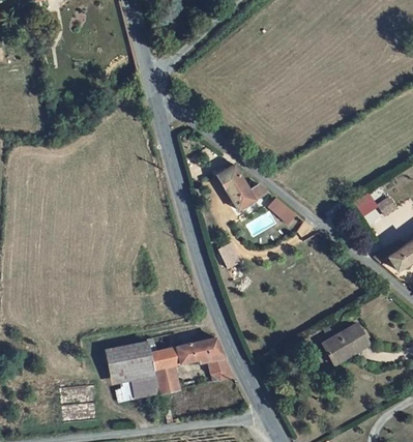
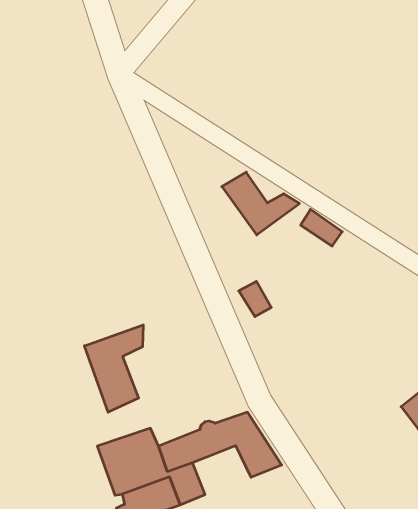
building: none -> [84,325,143,412]

